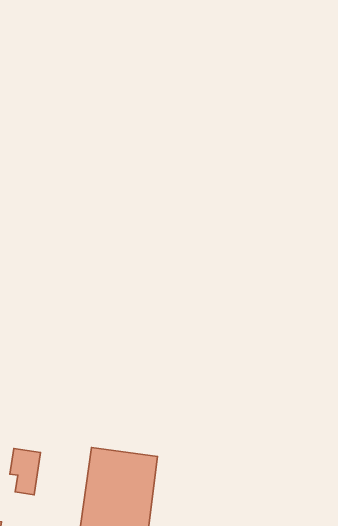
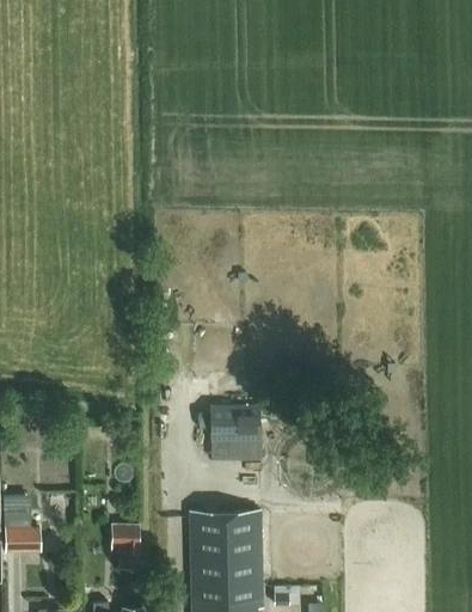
building: none -> [213,409,260,445]

